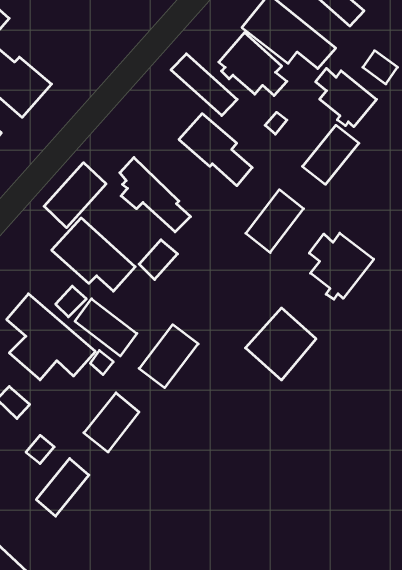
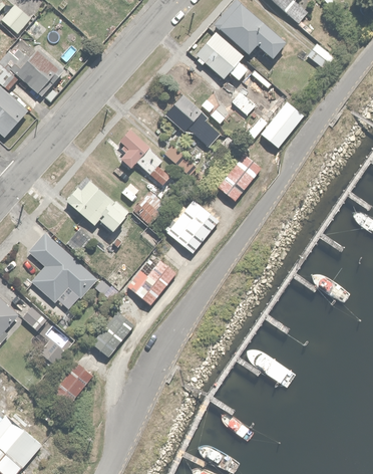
building: [171,54,237,116] -> none
building: [316,68,377,127] -> none
building: [44,163,106,228] -> none
building: [309,233,374,299] -> none
building: [75,299,137,356] -> none
building: [245,308,316,380] -> [165,198,221,254]

